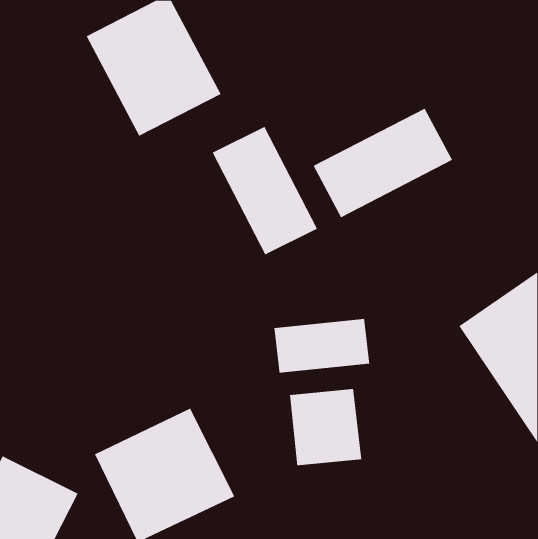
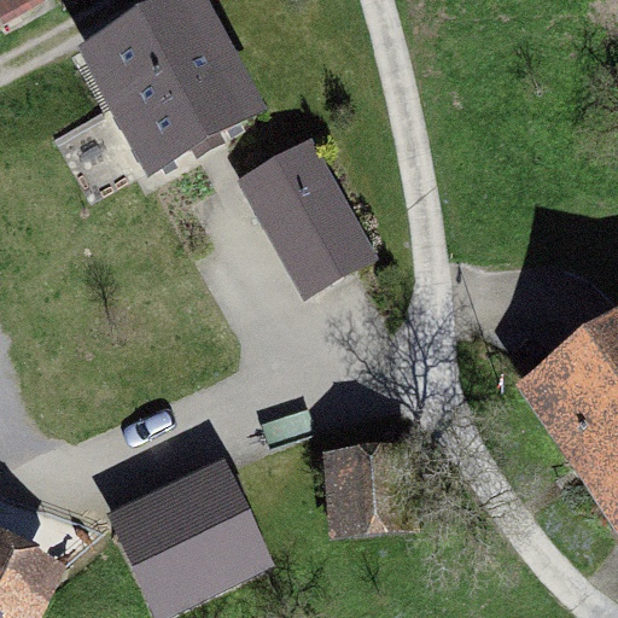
building: [313,108,453,218] -> none
building: [274,318,370,374] -> none

